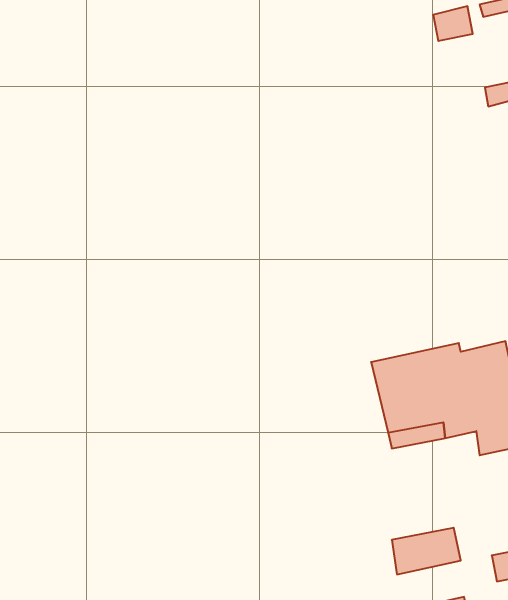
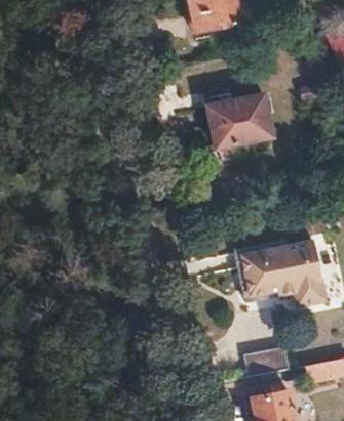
building: none -> [207,95,271,149]

